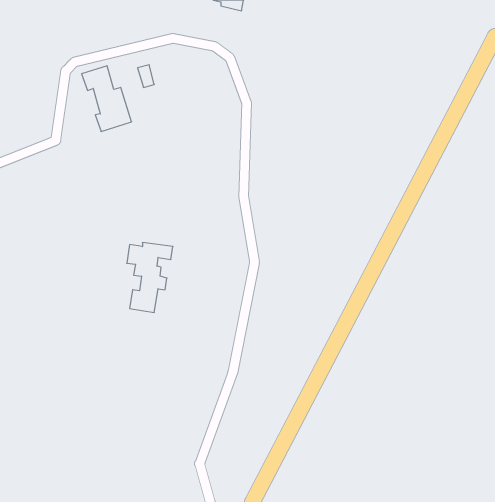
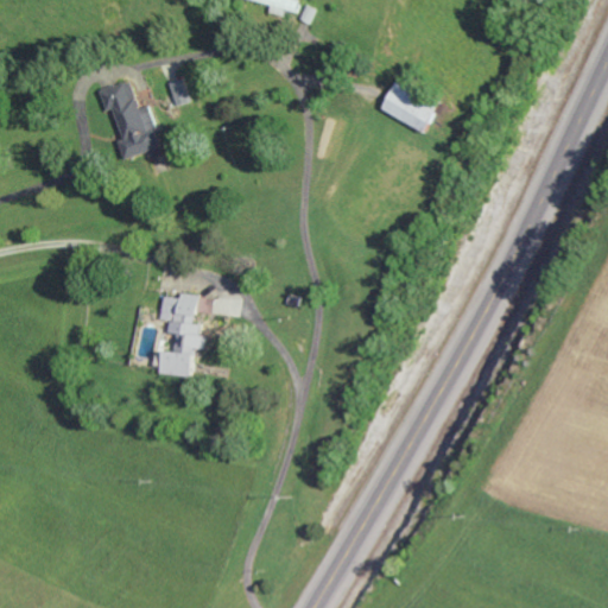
building: none -> [379,80,438,131]

